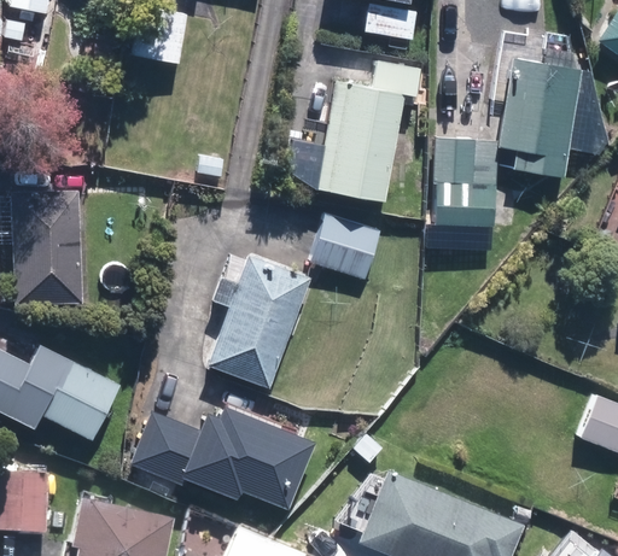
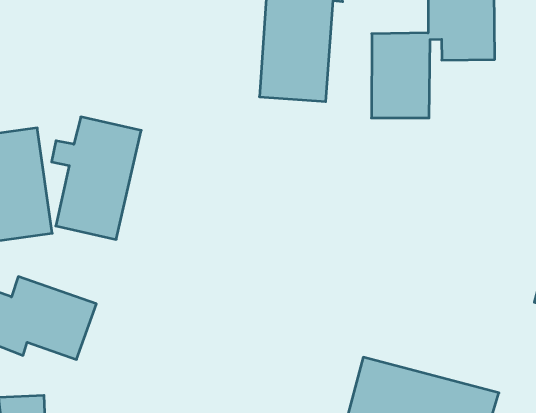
building: [309,211,385,282] -> none
building: [208,257,309,390] -> [52,117,141,239]
building: [130,404,313,508] -> none

